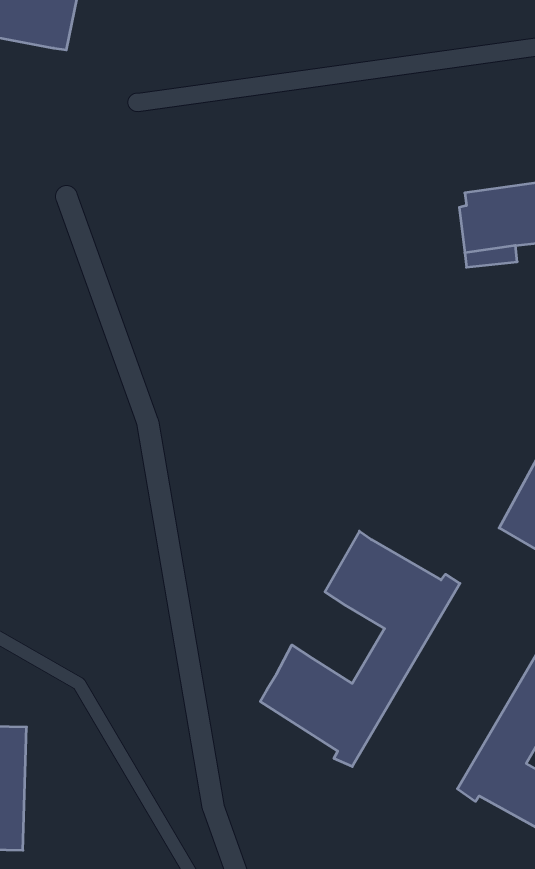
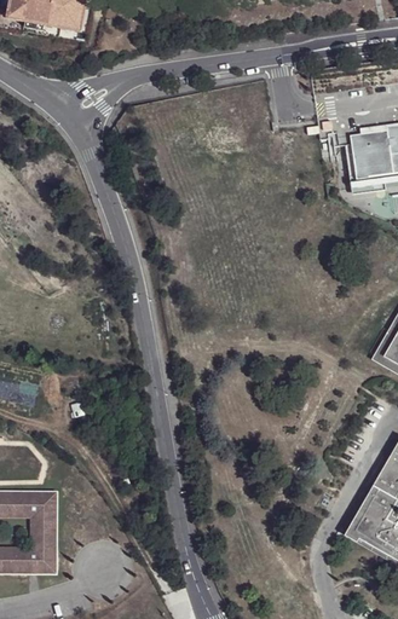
building: [260,531,460,767] -> none

